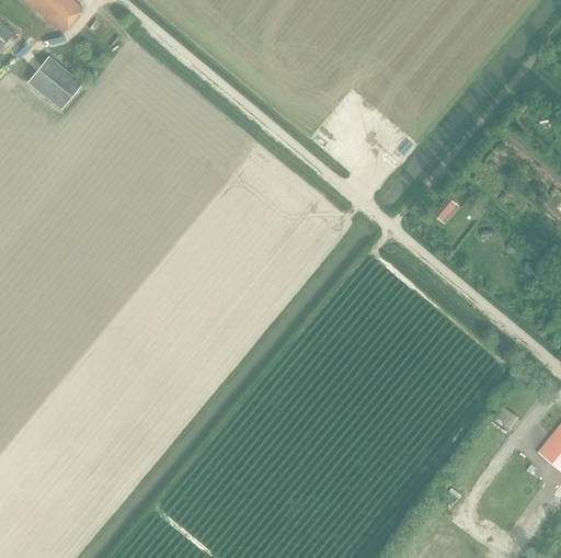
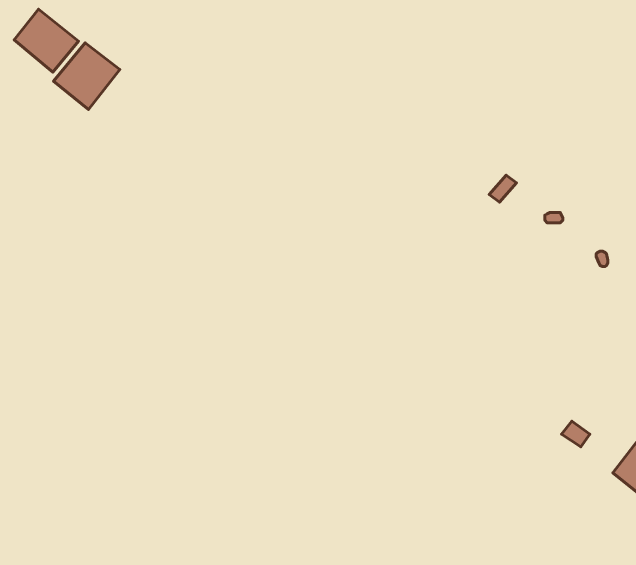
building: none -> [54,43,120,109]

